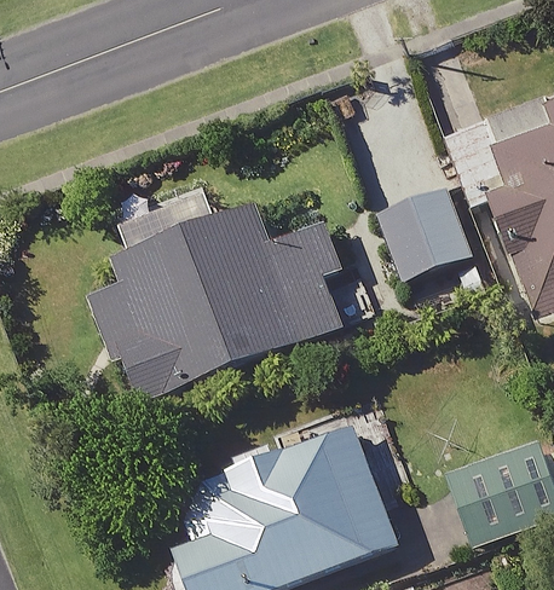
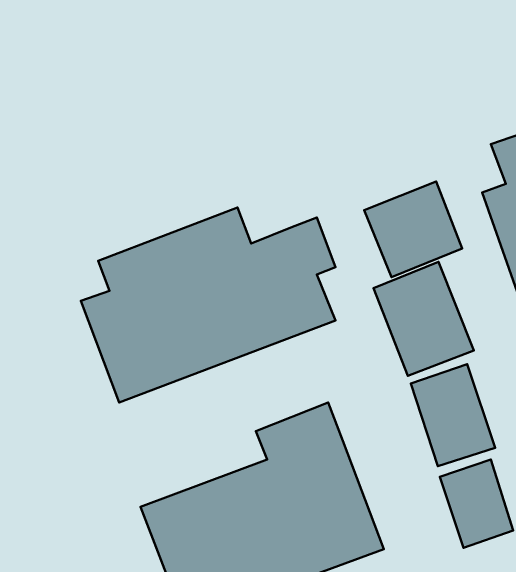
building: none -> [374,262,474,376]
building: none -> [411,364,495,466]

